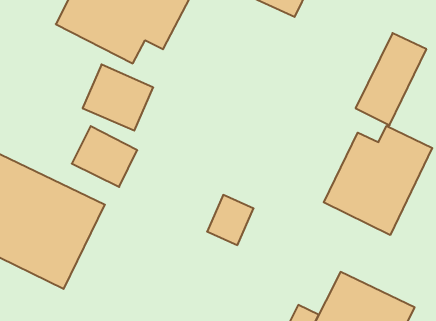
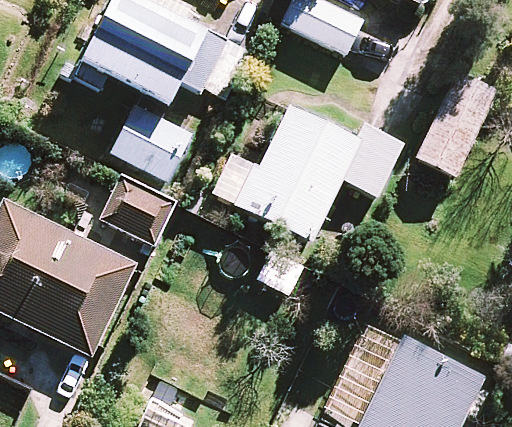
building: none -> [215,107,402,240]
building: [324,126,432,235] -> none

